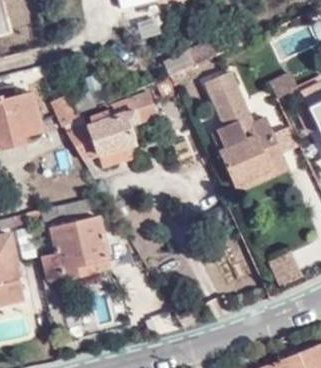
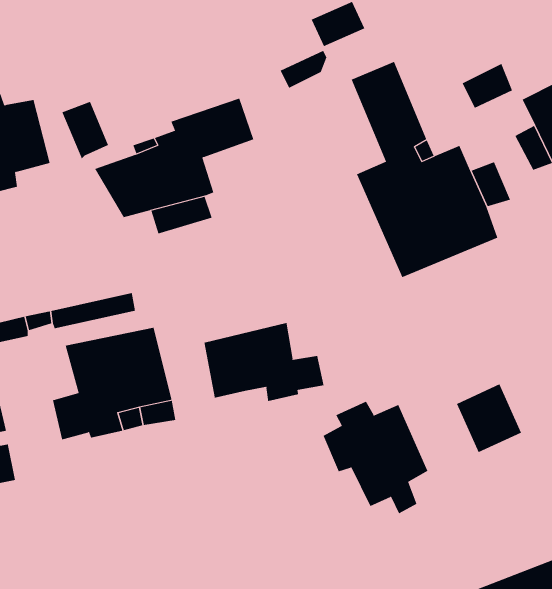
building: none -> [204,322,324,402]
building: none -> [323,401,428,514]

